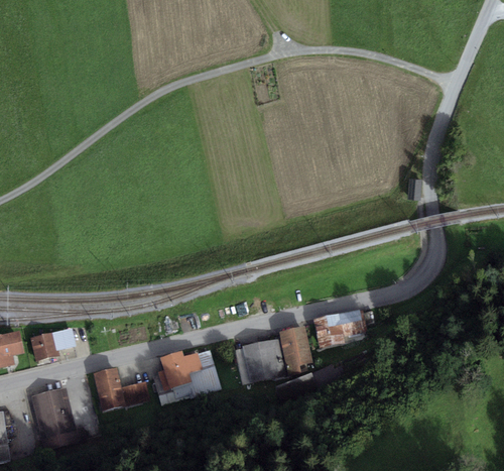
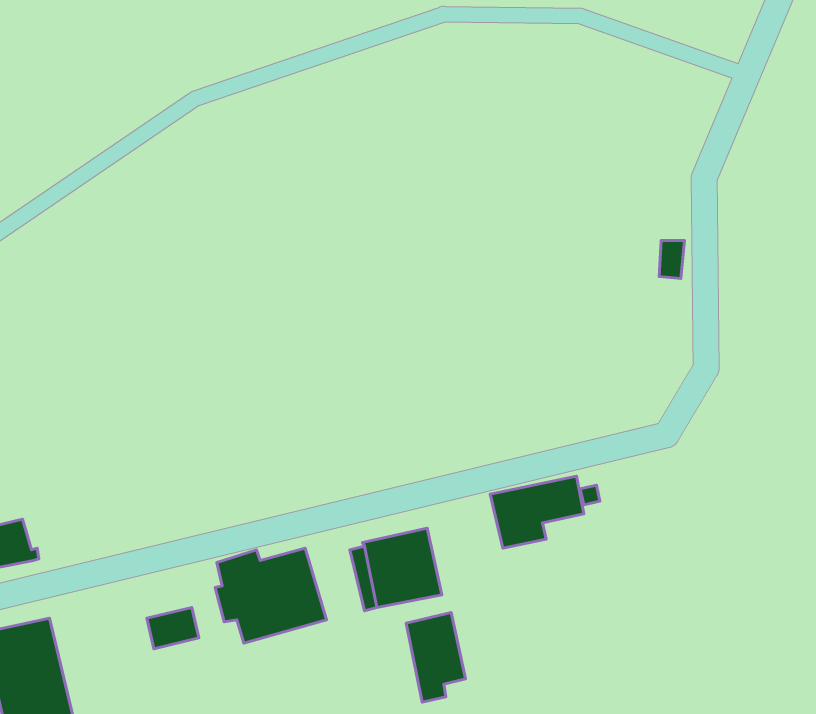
building: [278,325,311,375] -> [406,612,465,702]
building: [50,328,76,350] -> none
building: [93,368,124,409] -> none

